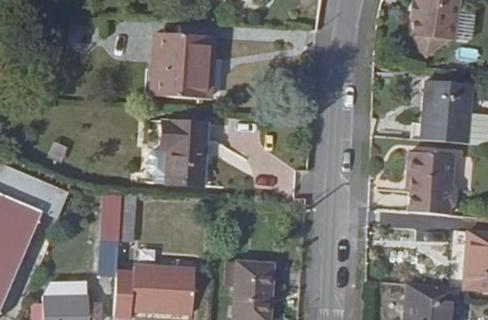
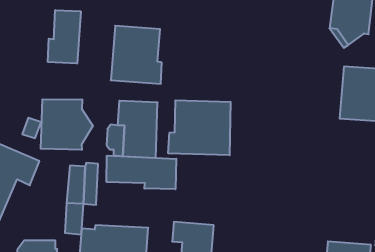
building: none -> [48,10,81,64]
building: none -> [41,99,93,150]
building: none -> [168,100,230,155]
building: [405,152,455,216] -> none
building: none -> [107,156,176,189]

